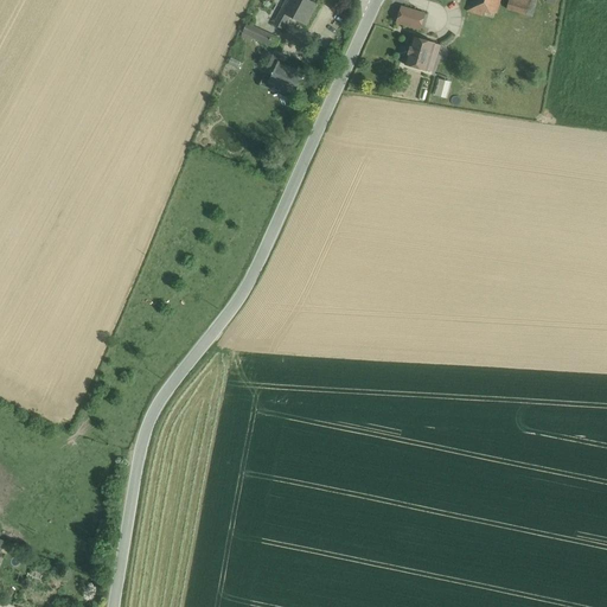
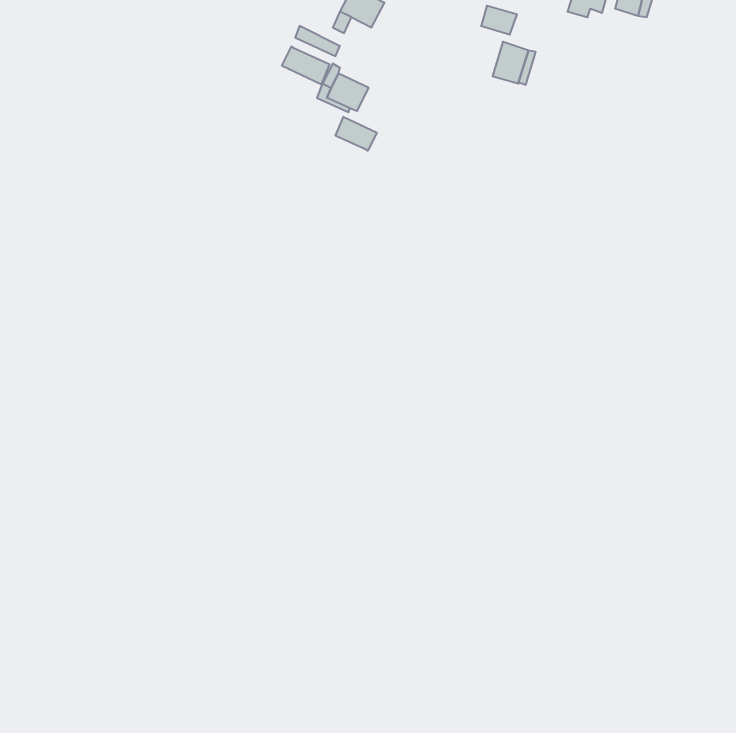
building: none -> [282,46,329,84]
building: none -> [336,117,377,151]

